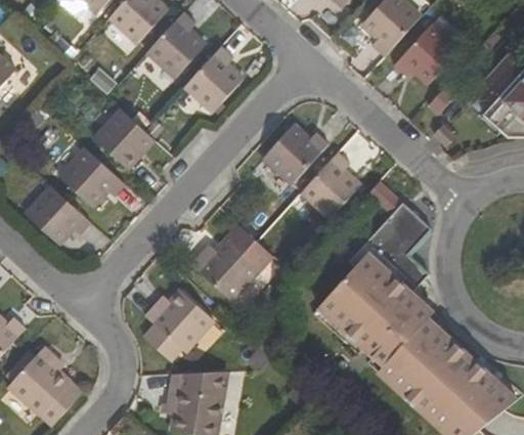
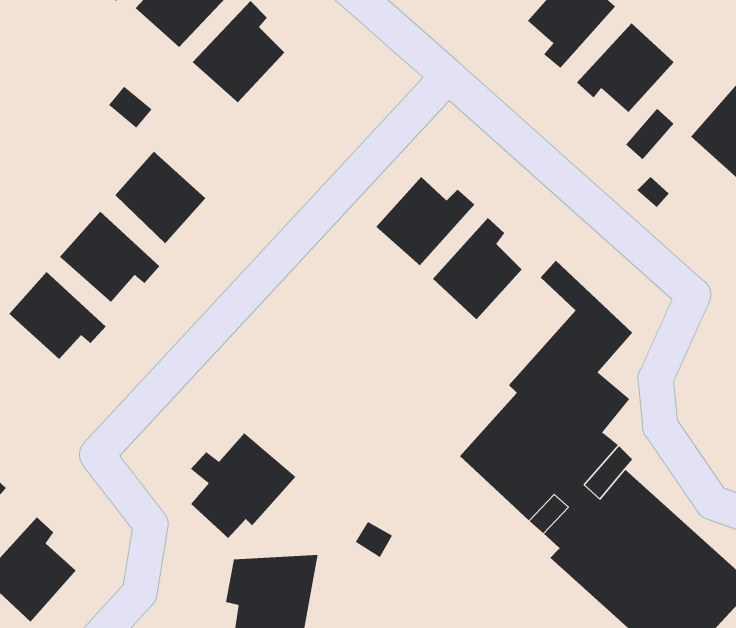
building: [183,46,243,113] -> none
building: [192,227,271,300] -> none

